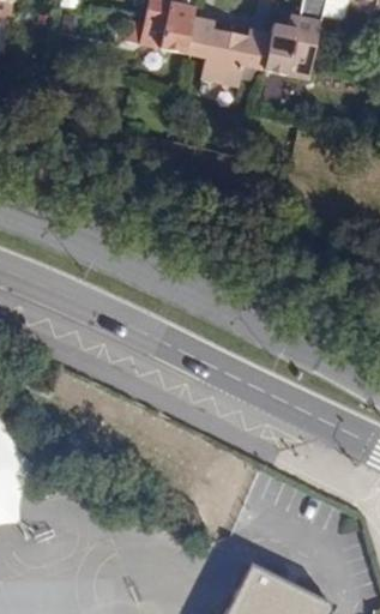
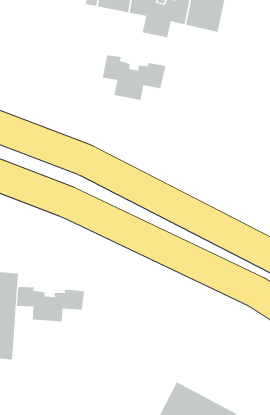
building: none -> [102,54,166,101]
building: none -> [17,286,85,322]

